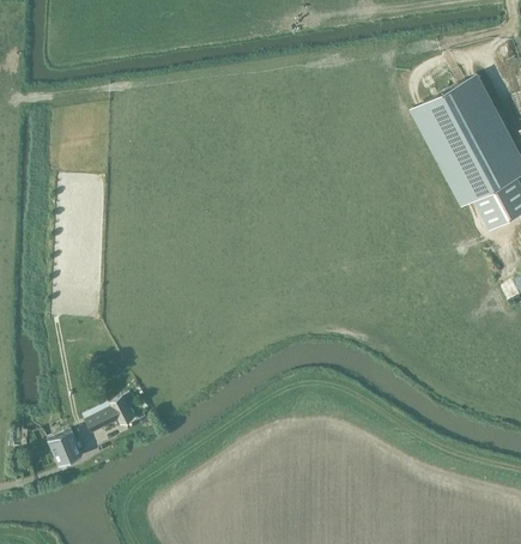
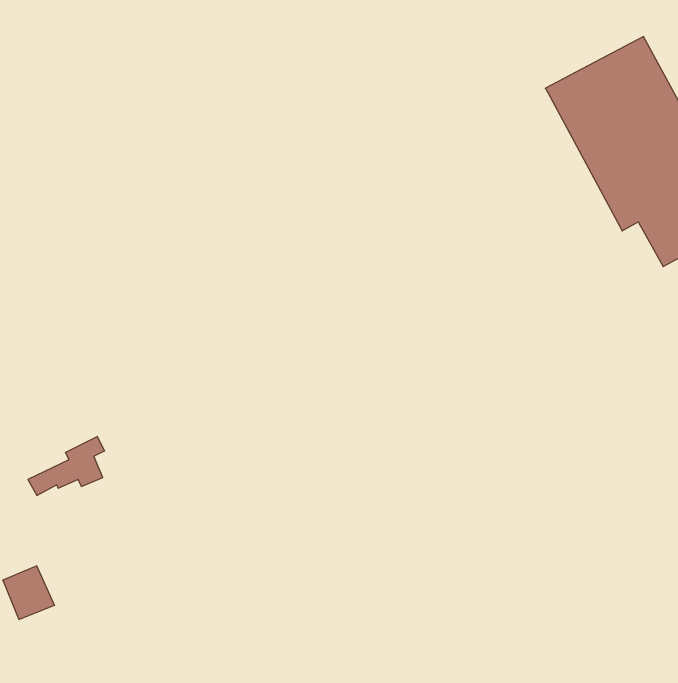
building: [83,392,134,431] -> [28,437,105,495]

